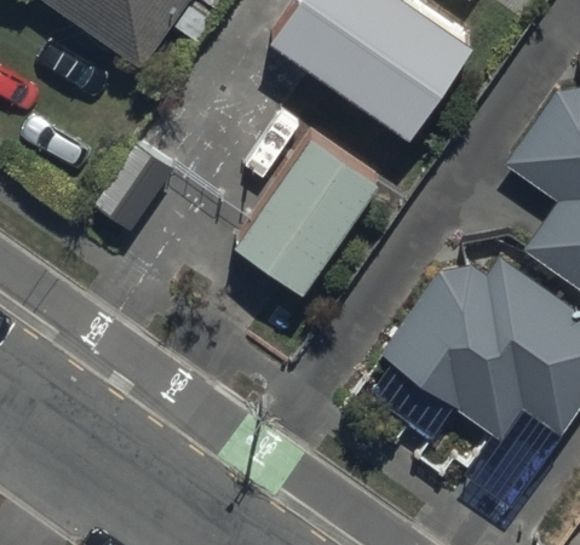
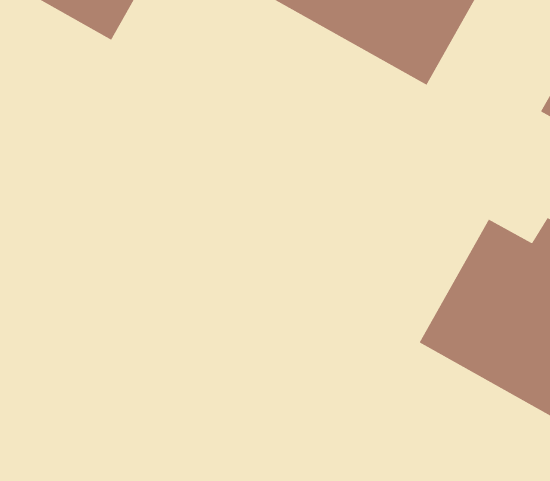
building: [228,128,378,291] -> none

